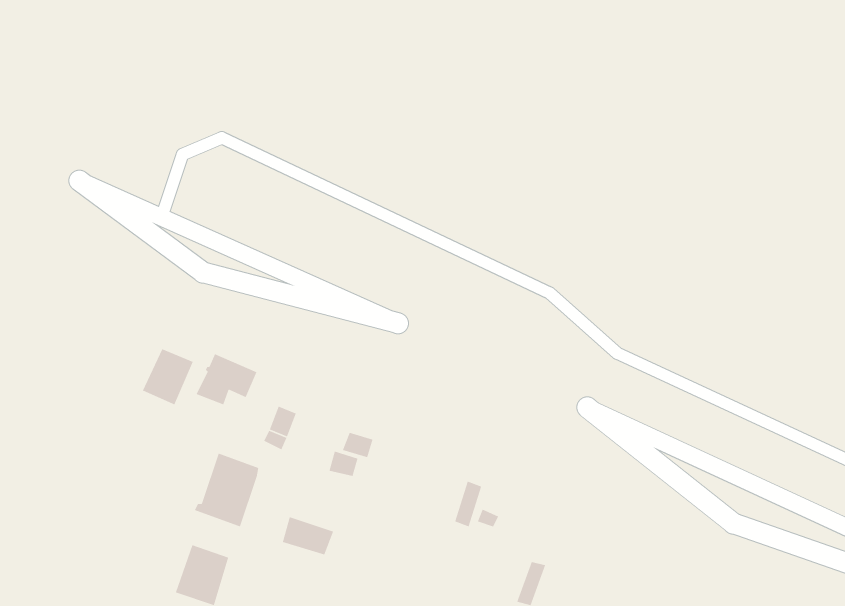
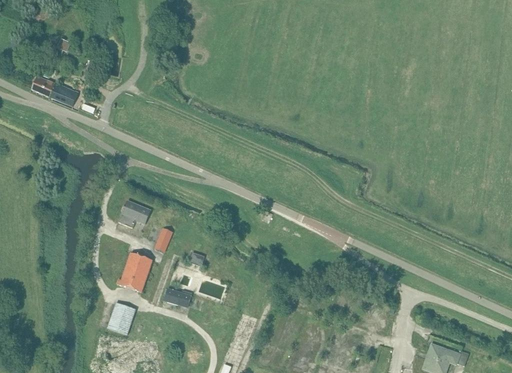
building: none -> [32,76,78,105]
building: [142,348,194,406] -> none

